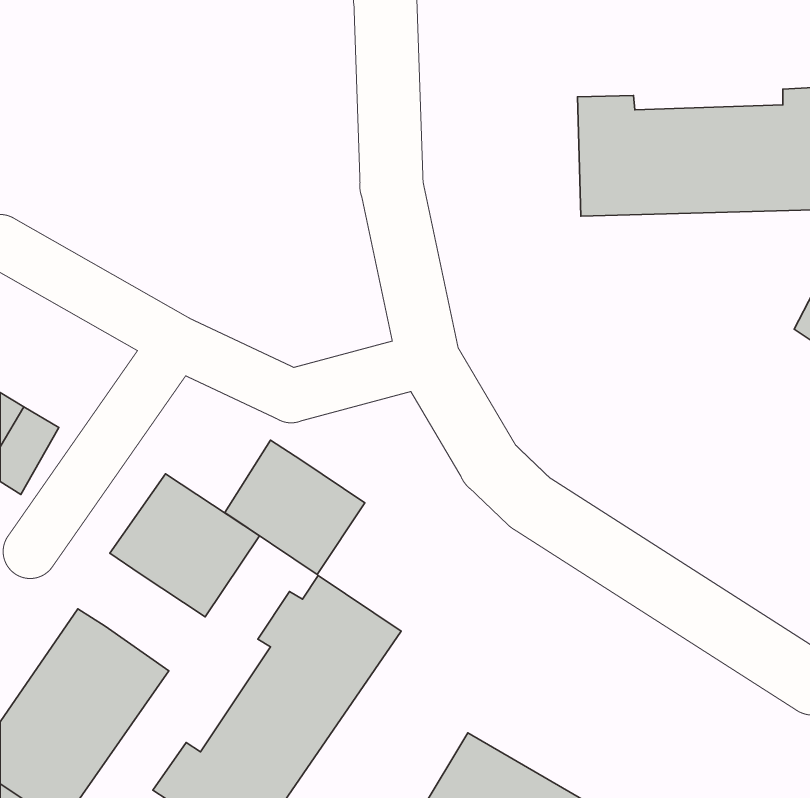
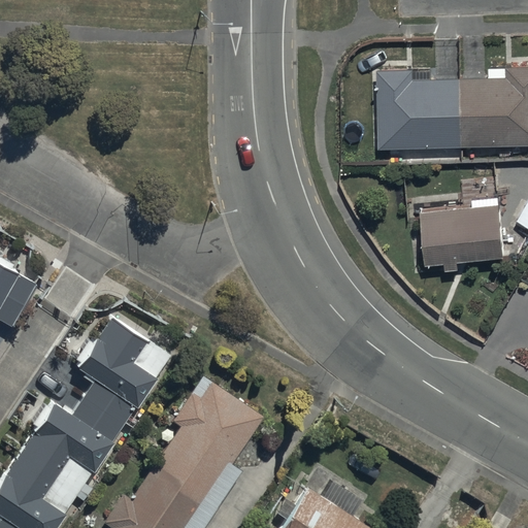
building: none -> [419,203,506,269]
building: [225,440,365,574] -> none
building: none -> [70,382,135,444]

